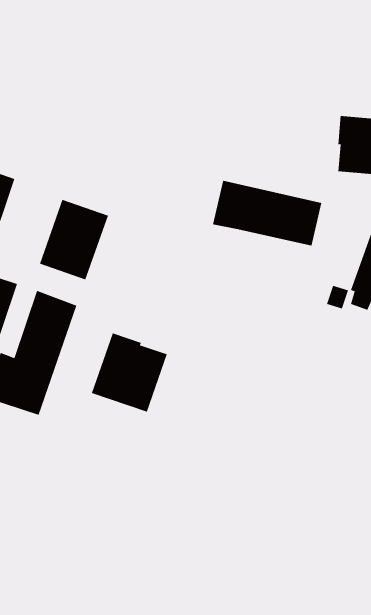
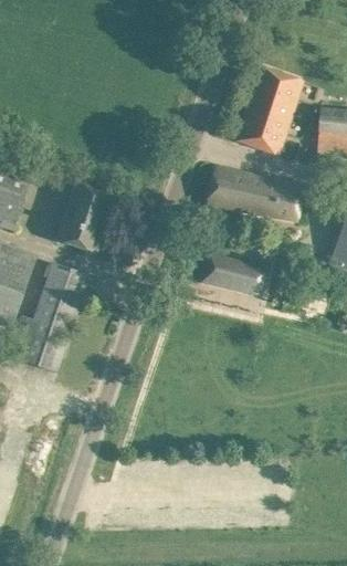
building: none -> [238,65,303,154]
building: none -> [202,255,263,292]
building: [91,332,167,412] -> none

